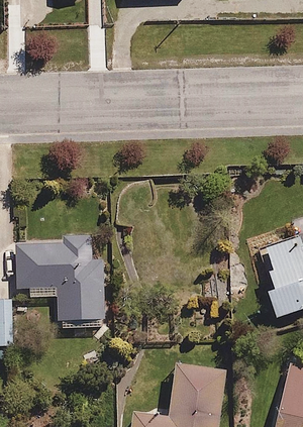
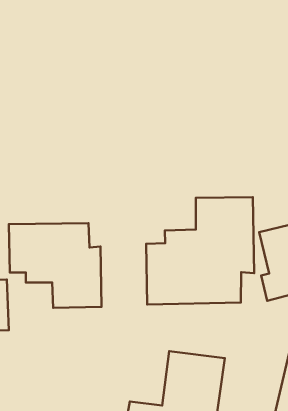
building: none -> [146,197,254,305]

